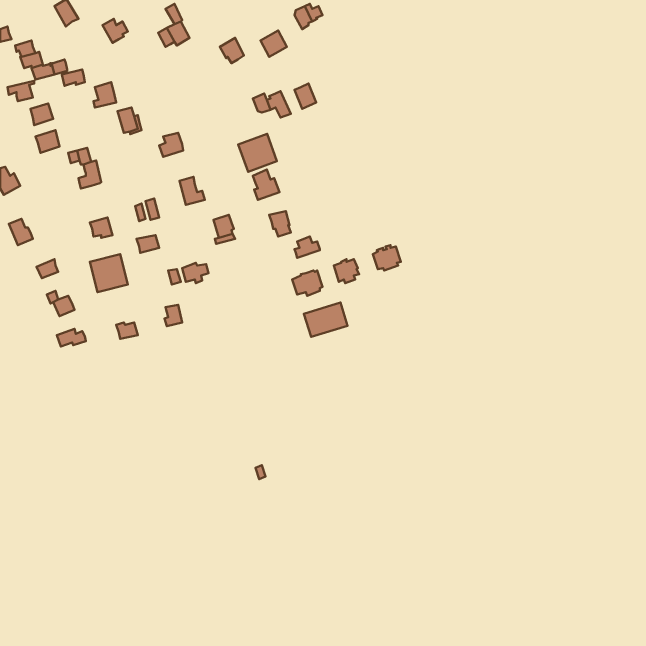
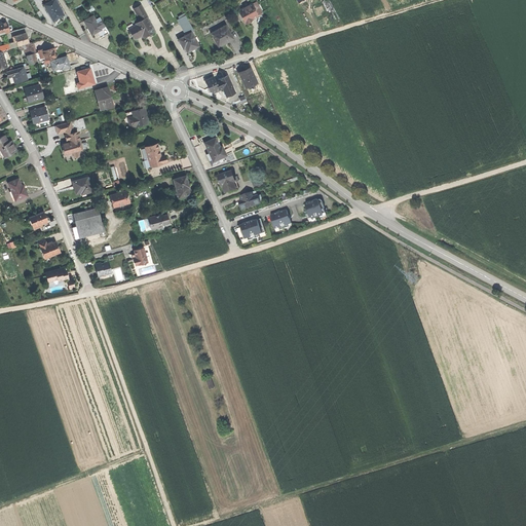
building: [238,134,277,172] -> none
building: [304,303,348,337] -> none

